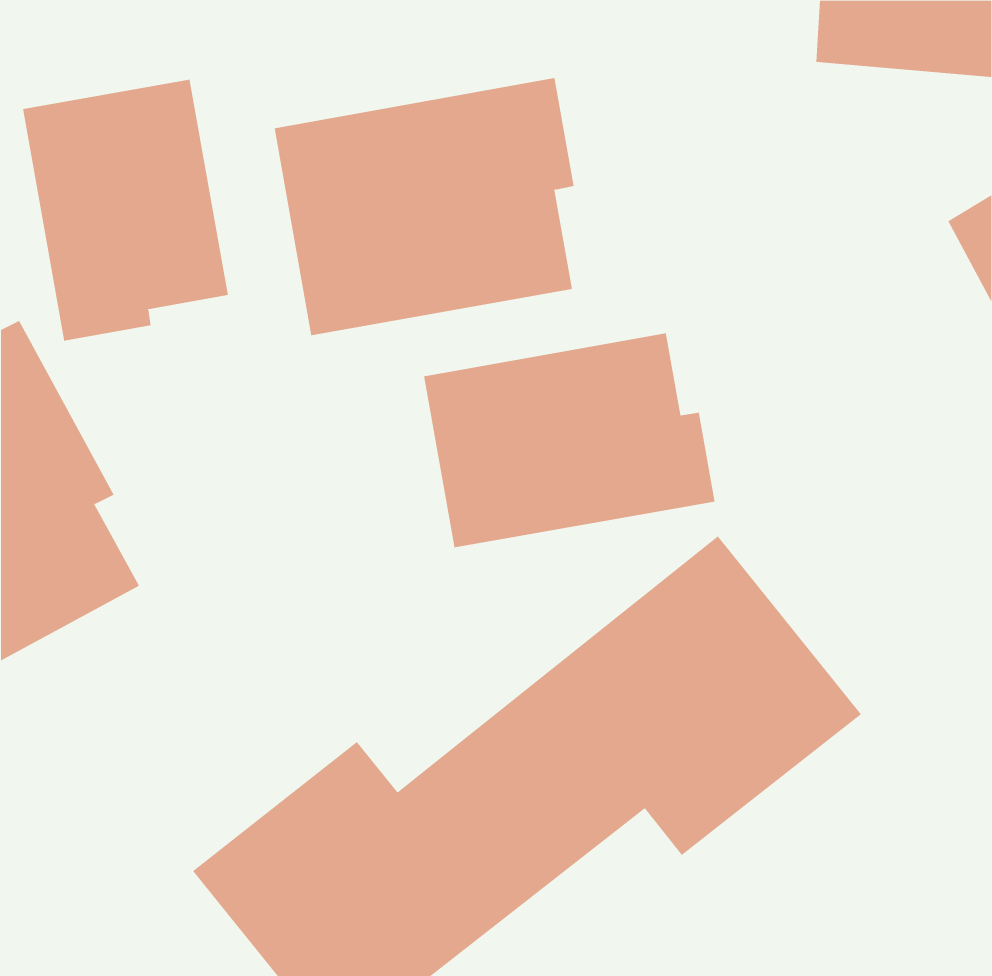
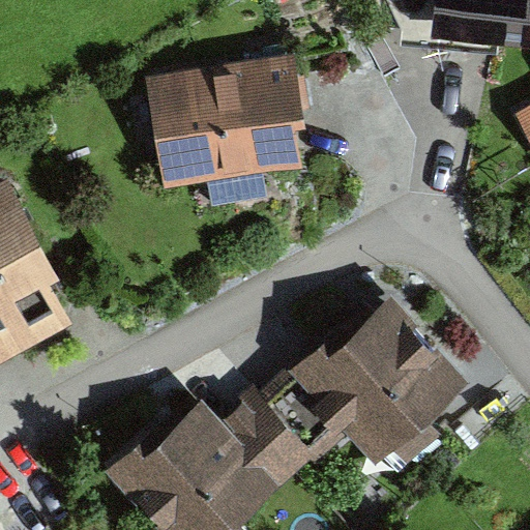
building: [23,79,228,341] -> none
building: [424,333,715,548] -> none

